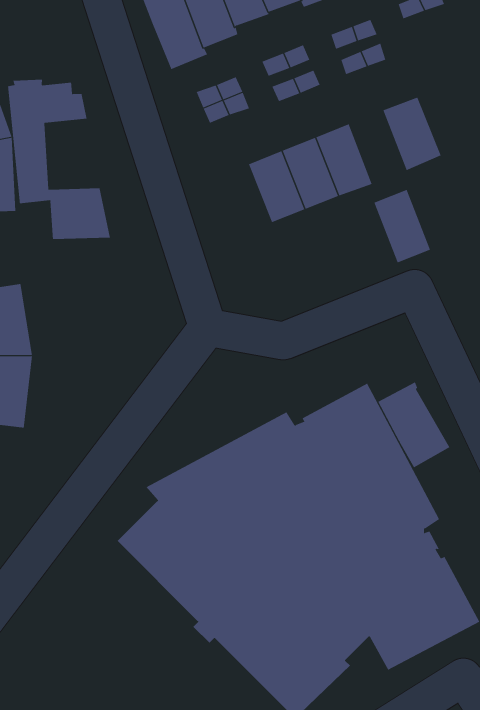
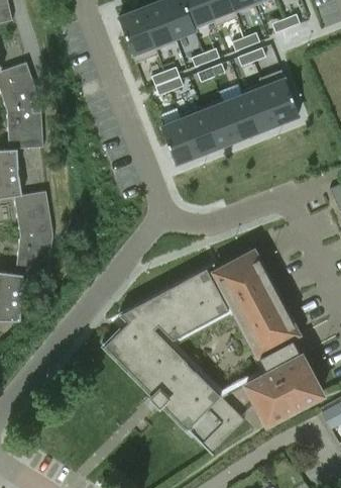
building: [7,79,110,240] -> none
building: none -> [161,119,197,163]
building: [374,189,431,263] -> [243,87,277,131]
building: [377,381,450,468] -> none

